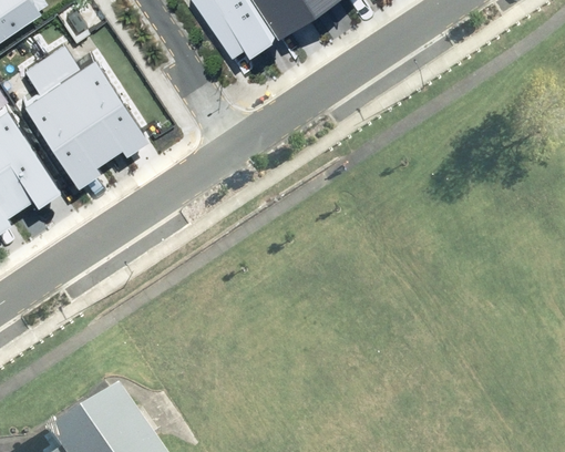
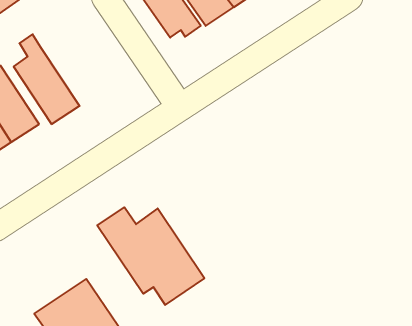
building: [44,39,145,150] -> none
building: none -> [97,207,204,305]

